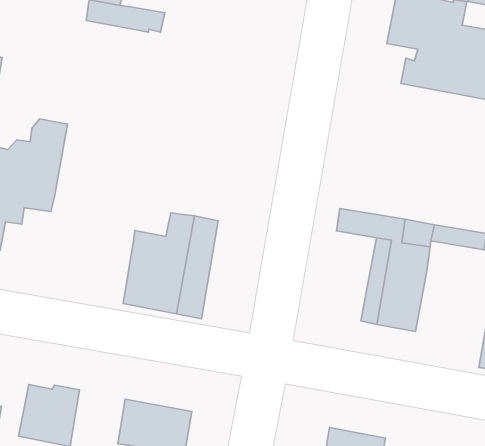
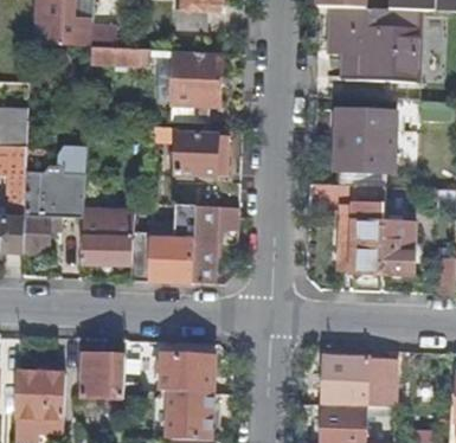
building: none -> [168,49,220,121]
building: none -> [333,109,393,169]
building: none -> [175,131,217,174]
building: none -> [82,204,150,280]
building: none -> [380,222,413,271]

